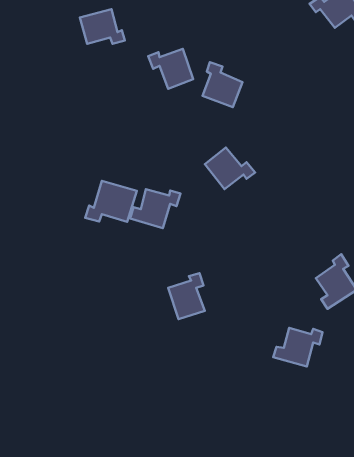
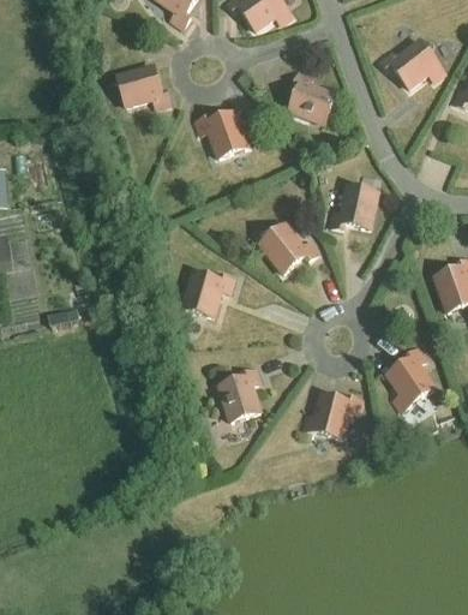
building: [203,62,242,107] -> [289,71,335,123]
building: none -> [330,185,378,228]
building: [85,181,137,222] -> none
building: [273,328,323,367] -> [304,393,360,437]

